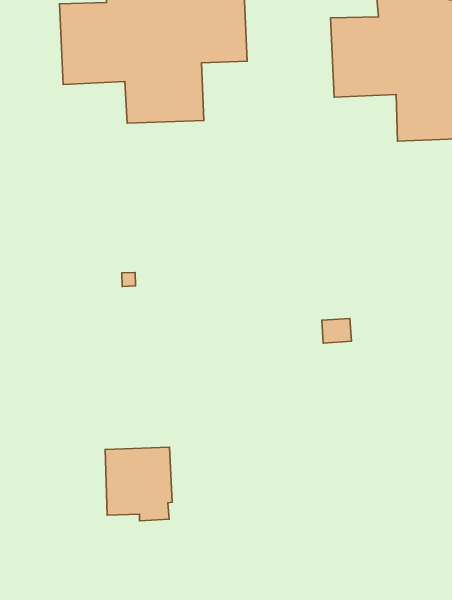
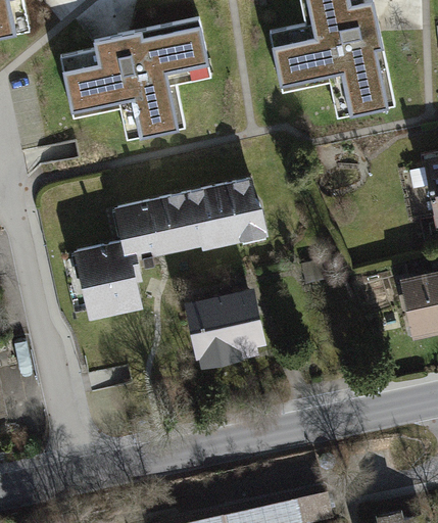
building: none -> [77,180,265,316]
building: [105,447,172,521] -> [196,296,254,356]

